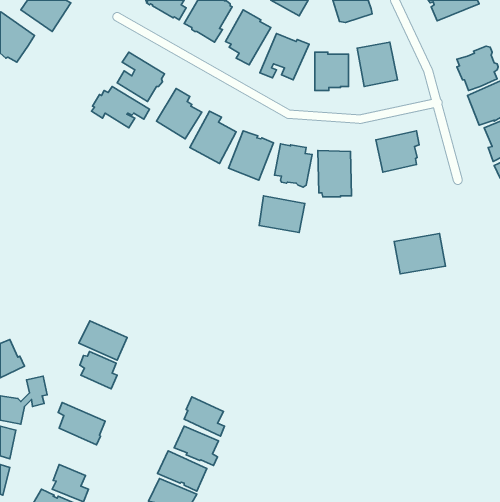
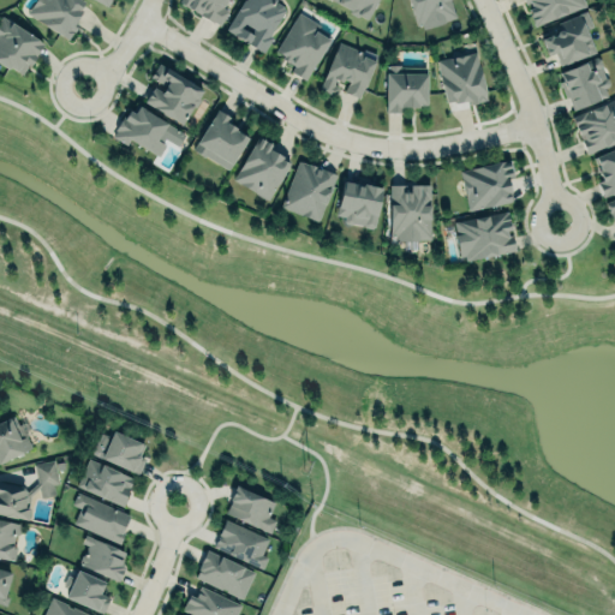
building: none -> [542,16,598,65]
building: [259,196,305,232] -> none
building: [394,234,445,274] -> [455,211,518,261]
building: [79,321,127,360] -> [78,459,137,507]
building: none -> [82,535,127,583]

